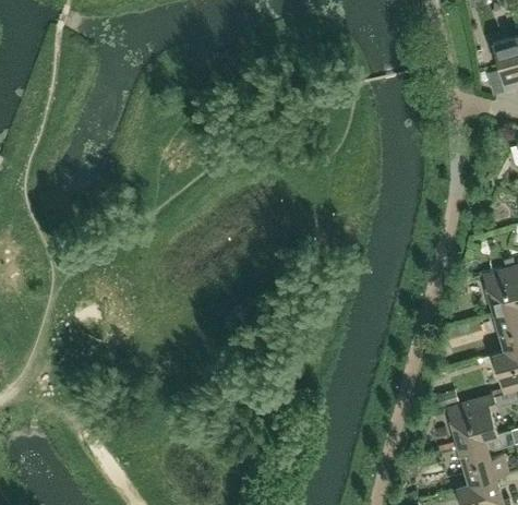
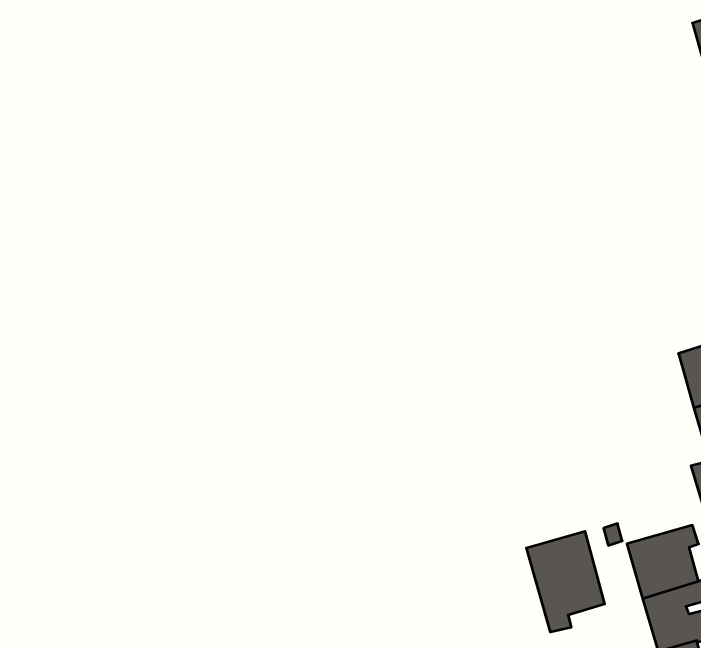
building: none -> [526,531,605,632]

